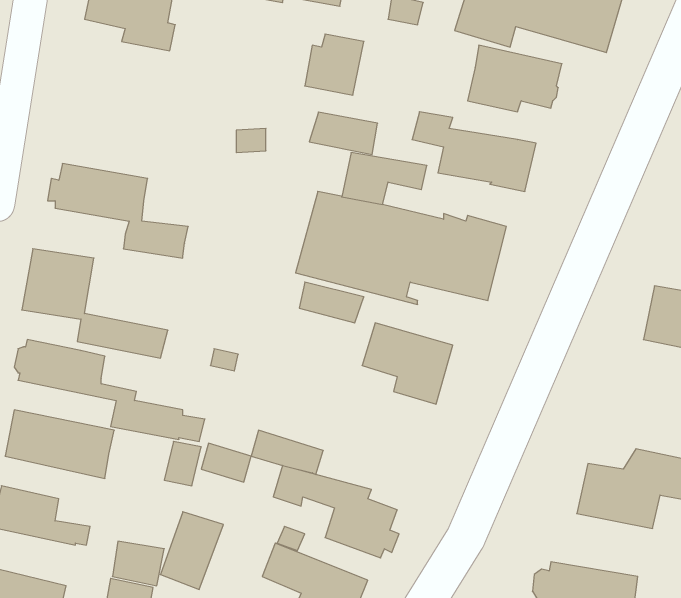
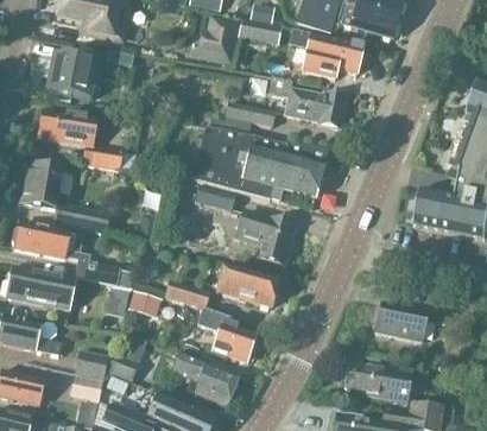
building: none -> [46,46,107,99]
building: [309,112,378,155] -> [238,18,282,45]
building: none -> [215,262,279,306]

